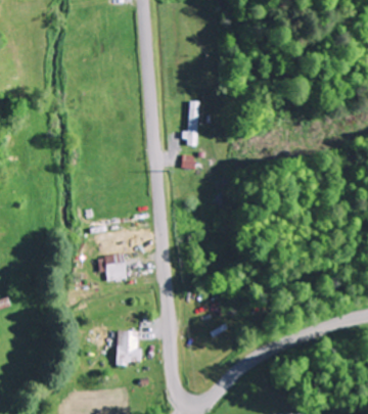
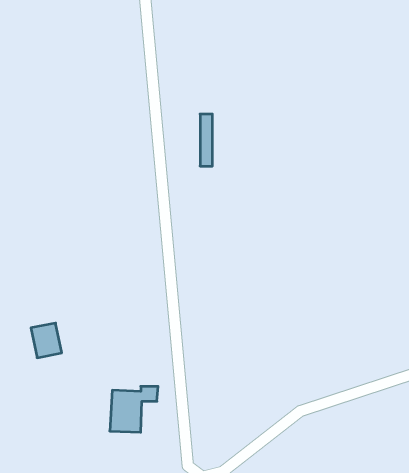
building: [103,254,129,282] -> [31,323,62,358]

